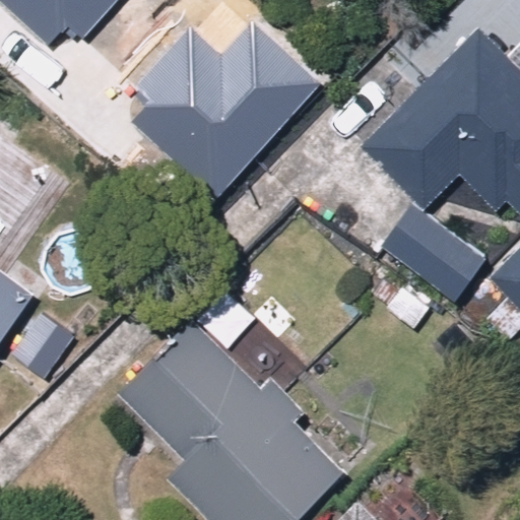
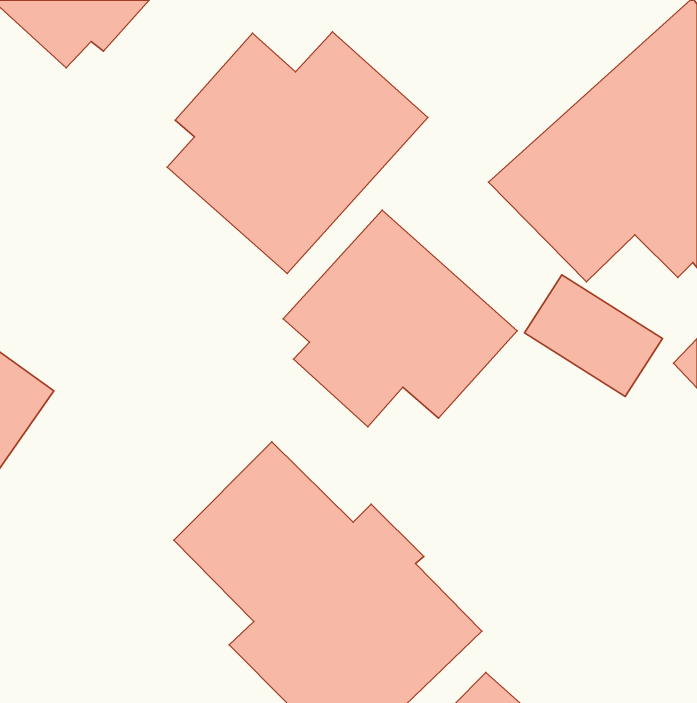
building: none -> [283,210,517,427]

